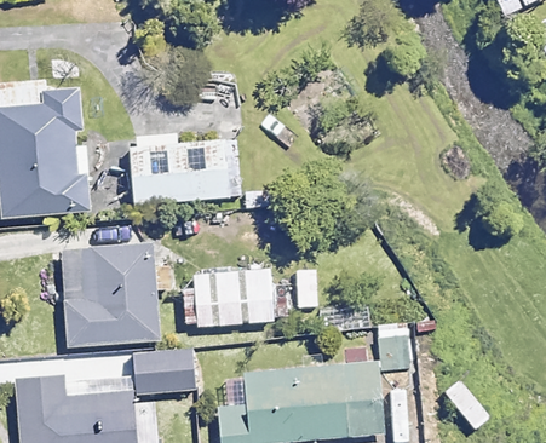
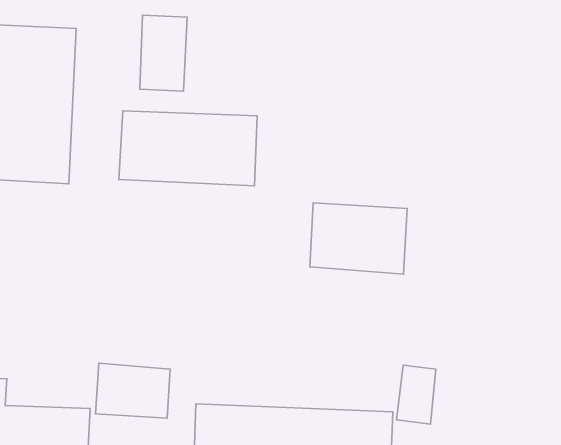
building: none -> [140,15,187,91]
building: [61,246,169,345] -> none
building: [191,269,271,326] -> [310,203,407,274]

